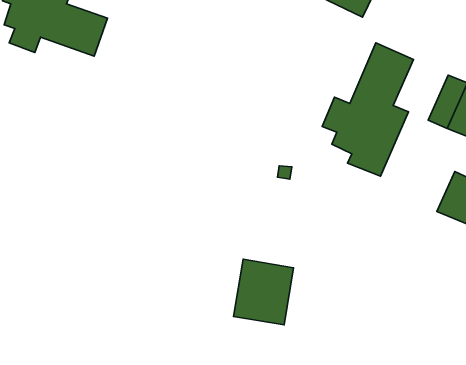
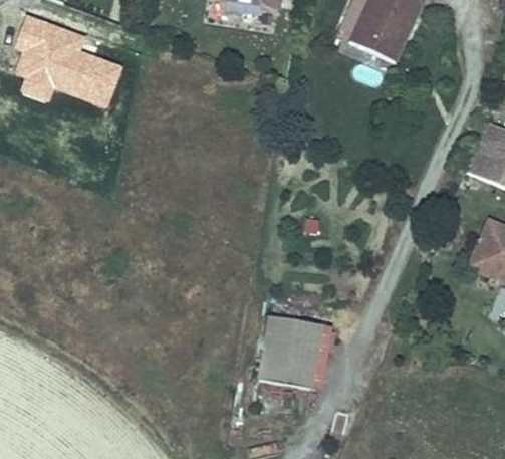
building: [322,43,414,176] -> none

